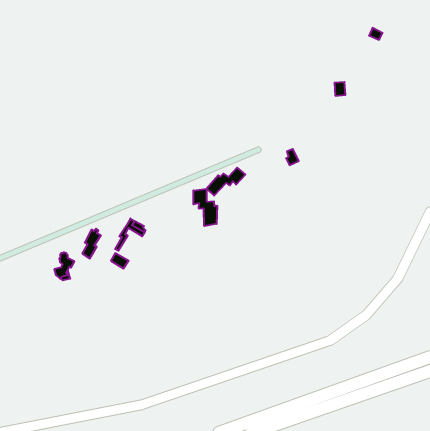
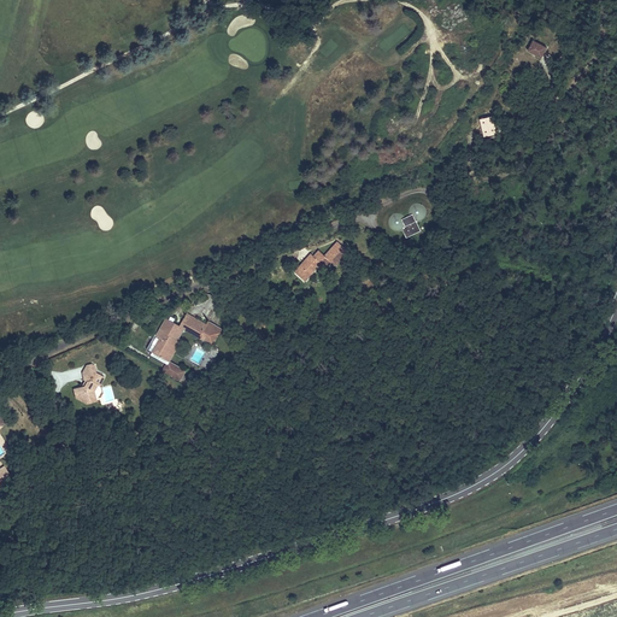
building: [193,189,217,226] -> none
building: [82,229,101,258] -> [153,315,180,357]

